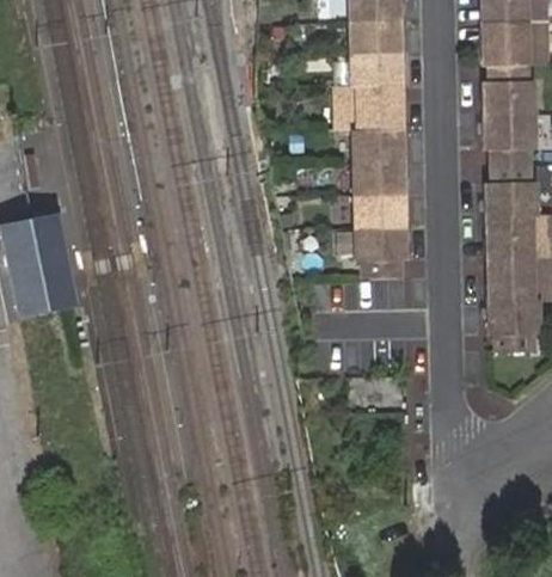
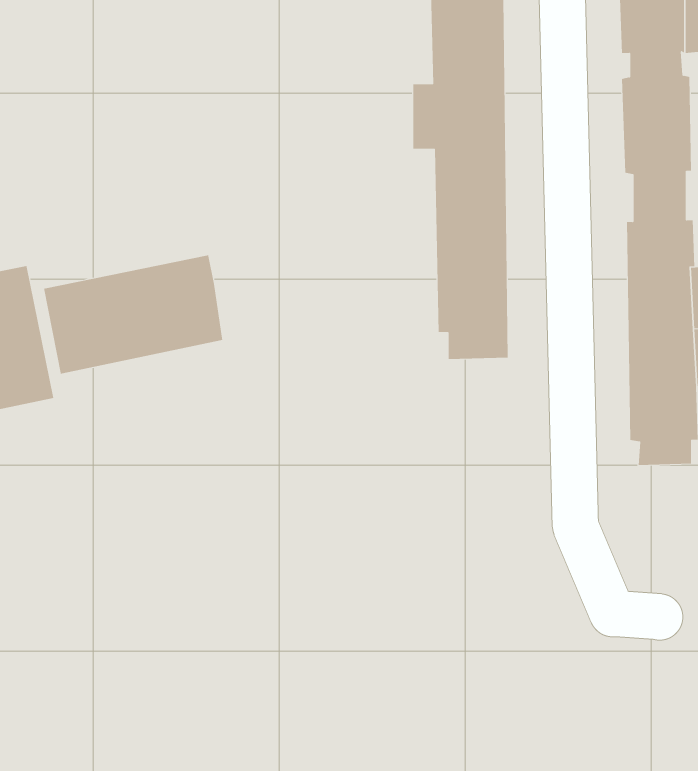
building: none -> [44,255,223,374]

